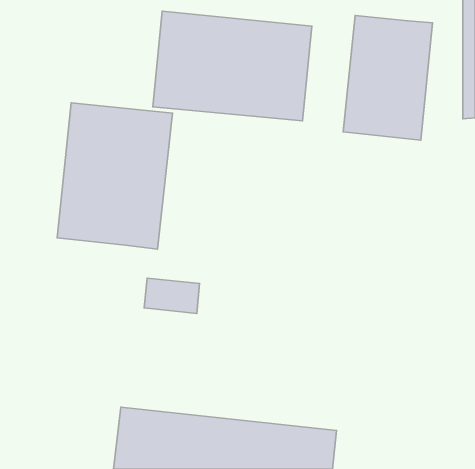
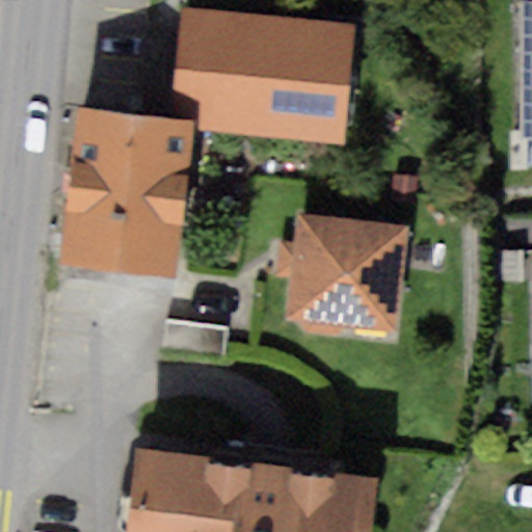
building: [343,16,432,140] -> none
building: none -> [286,216,411,334]

